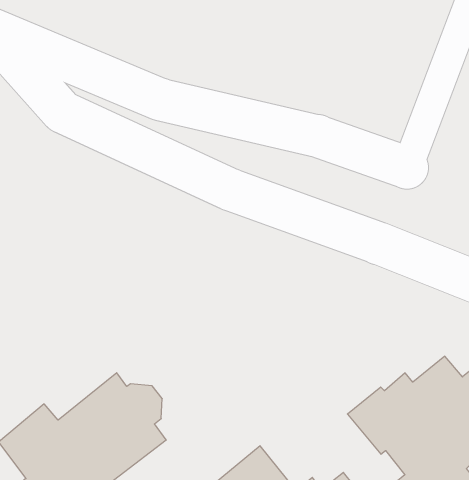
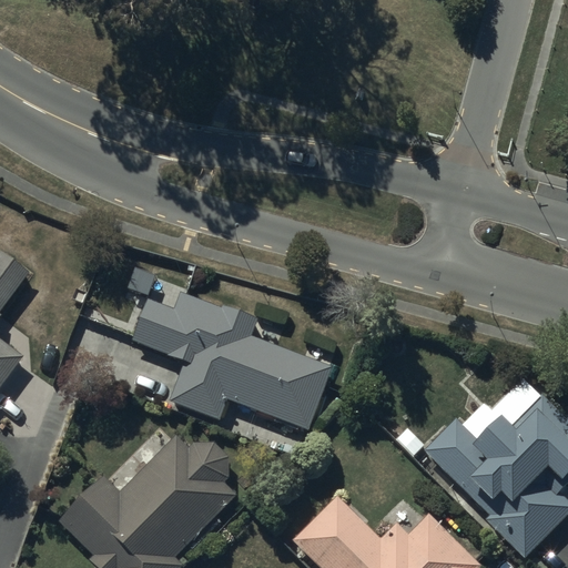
building: none -> [131,291,332,430]

